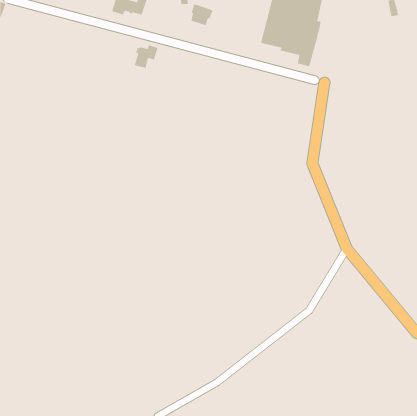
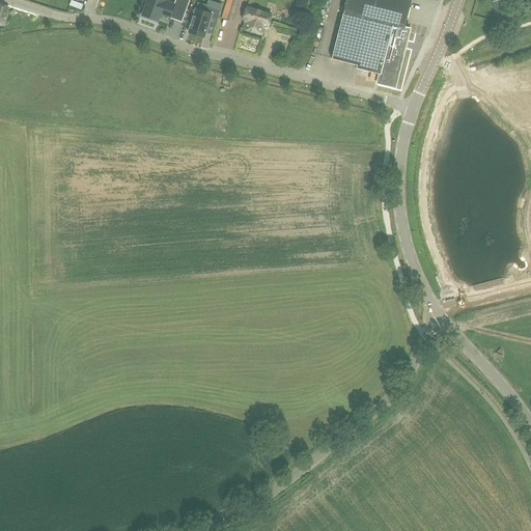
building: [134,44,158,69] -> [188,4,219,35]

